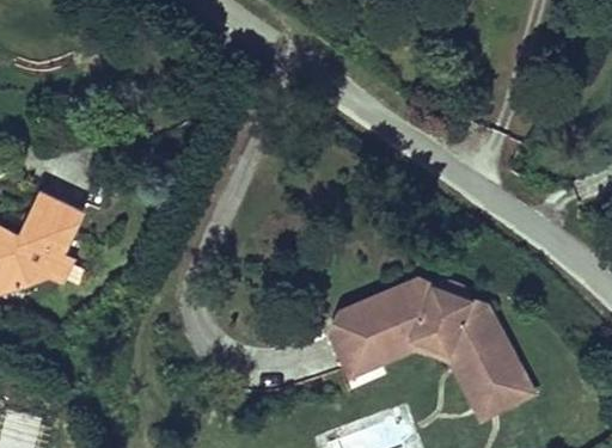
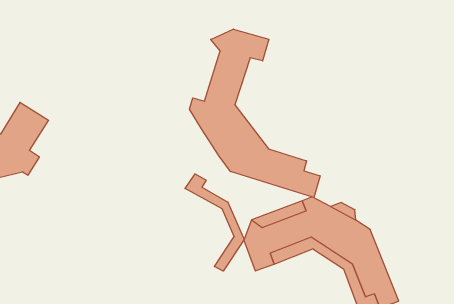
building: none -> [189,29,320,197]
building: none -> [185,174,244,271]

